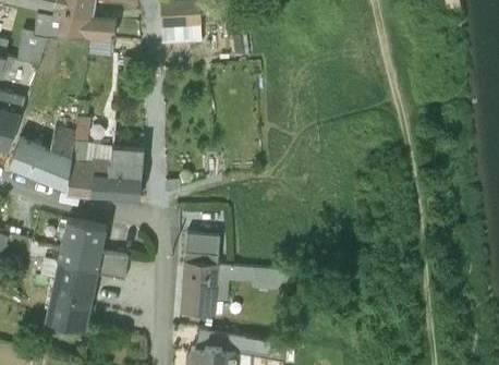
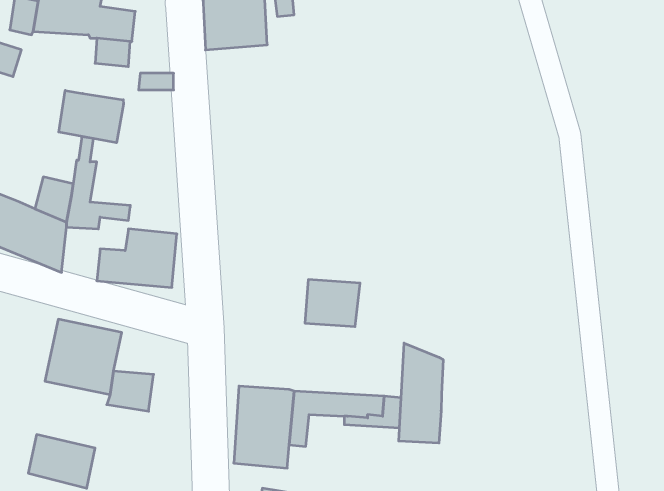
building: none -> [59,90,123,143]
building: [68,155,111,196] -> none
building: [183,236,219,267] -> [305,280,360,327]
building: none -> [399,343,443,443]
building: [50,261,99,305] -> none

